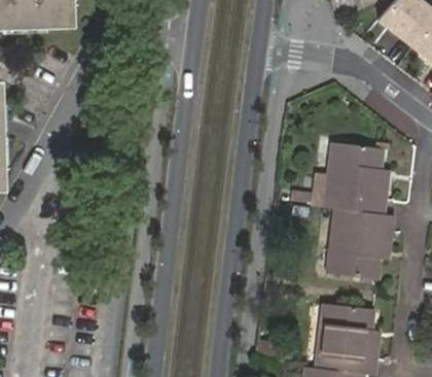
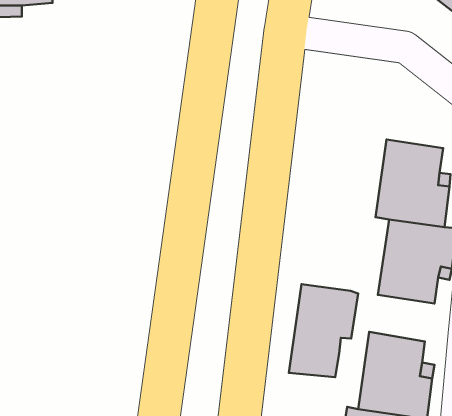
building: none -> [289,284,358,377]

